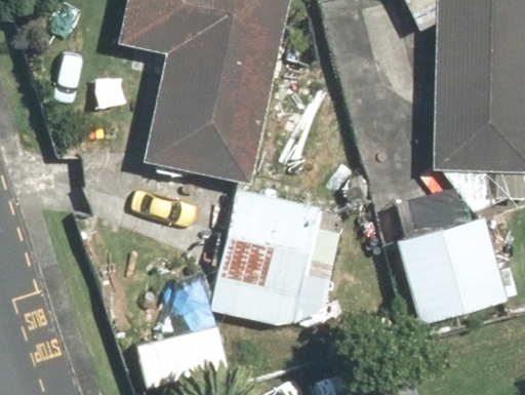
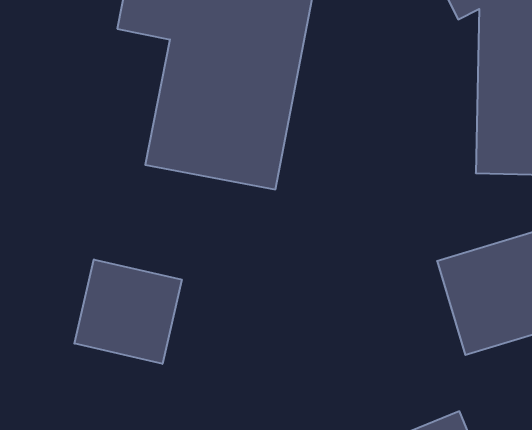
building: [208,189,346,329] -> none
building: none -> [74,259,182,364]

